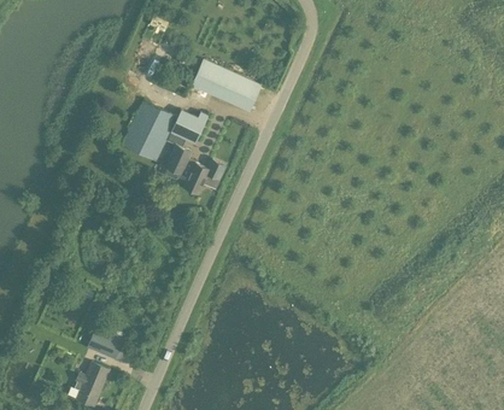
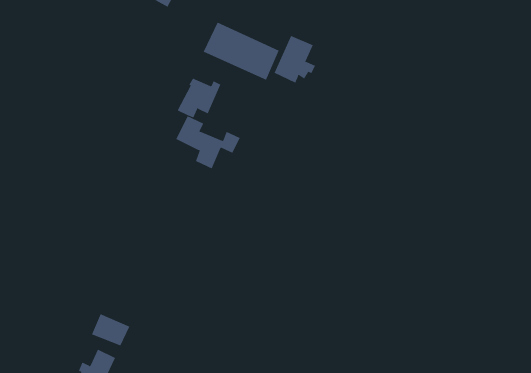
building: none -> [274,35,316,84]
building: [122,99,178,160] -> none

